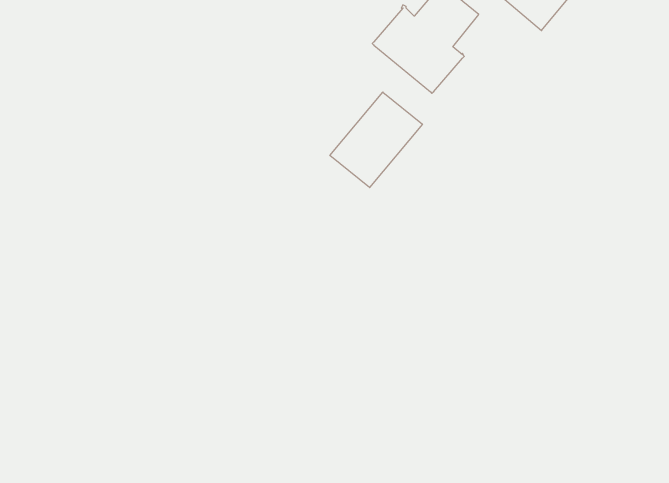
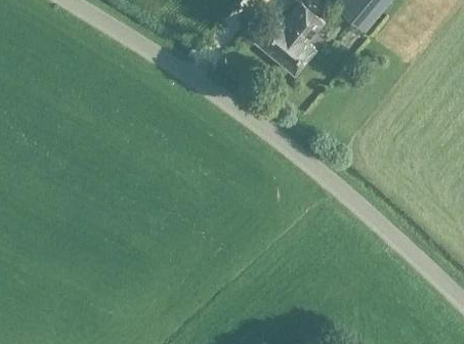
building: [330,92,422,188] -> none

